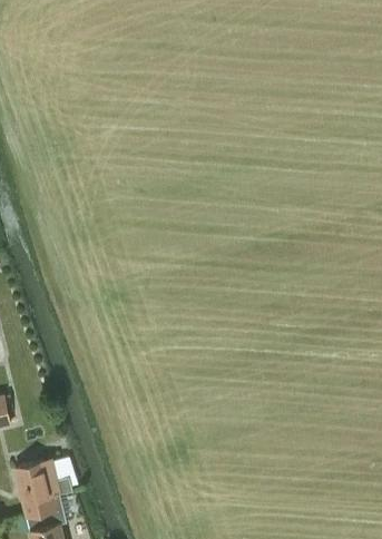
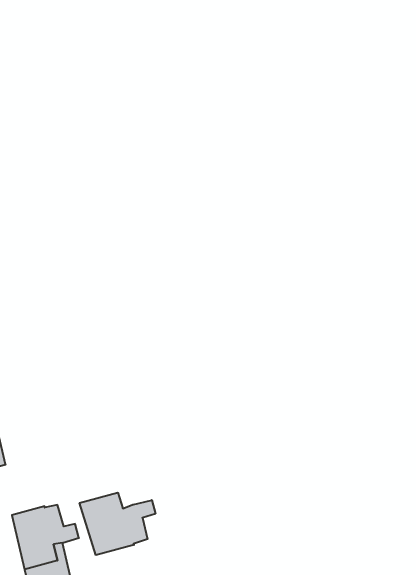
building: none -> [80,493,155,555]

